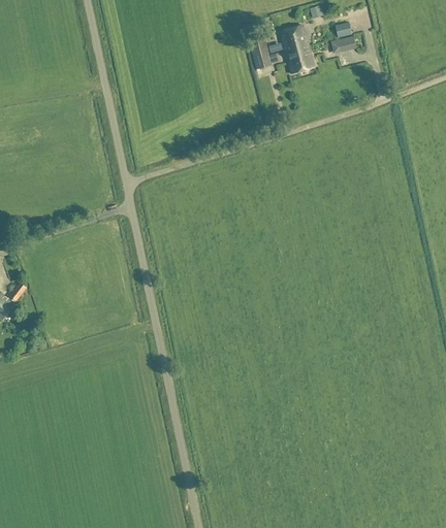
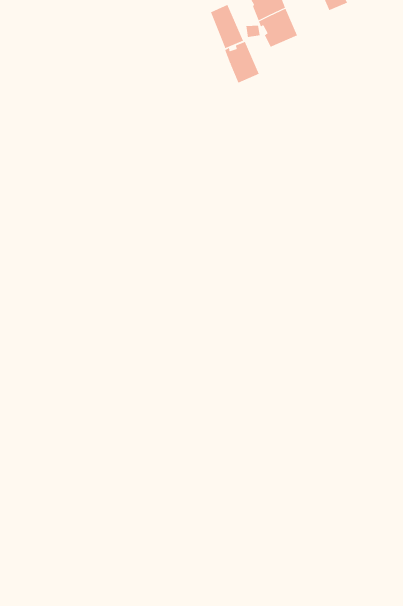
building: none -> [224,41,260,84]

